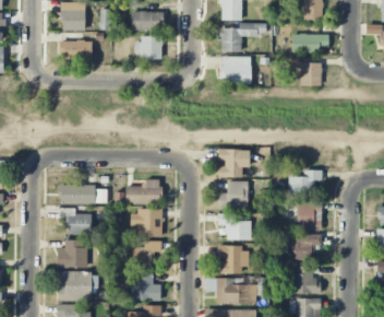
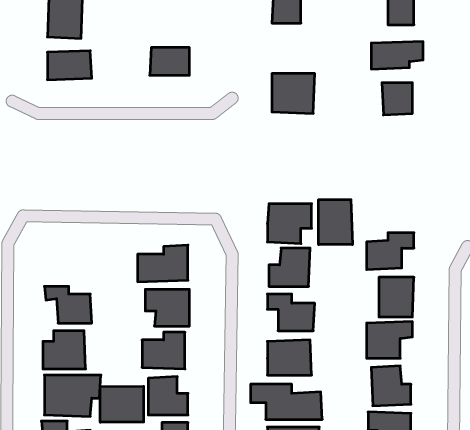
building: [132,10,164,30] -> none
building: [221,22,266,51] -> none
building: none -> [319,200,352,245]
building: [60,184,96,203] -> none
building: none -> [100,386,144,422]

